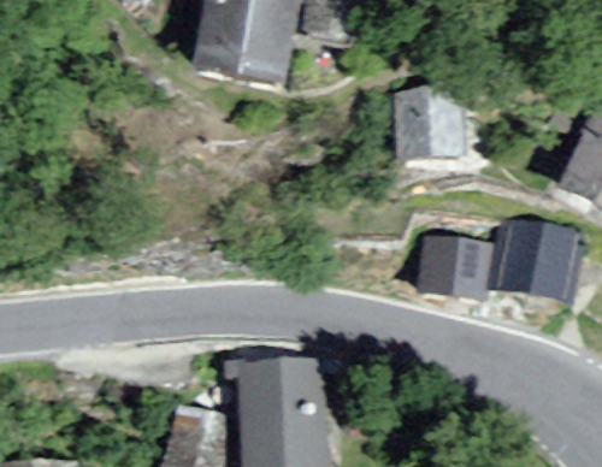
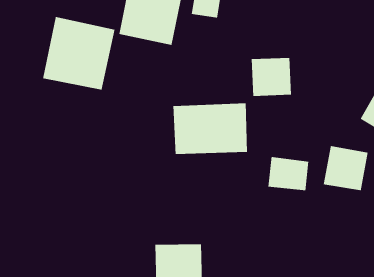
building: none -> [43,16,115,91]
building: none -> [173,102,248,155]

